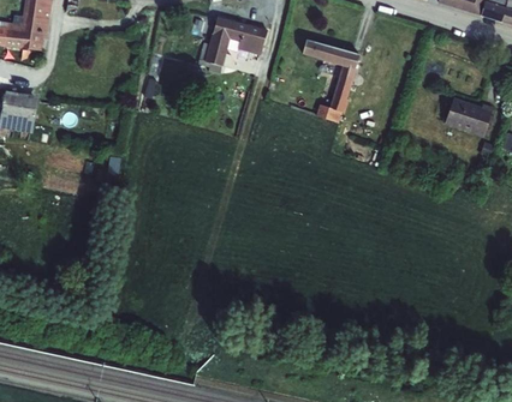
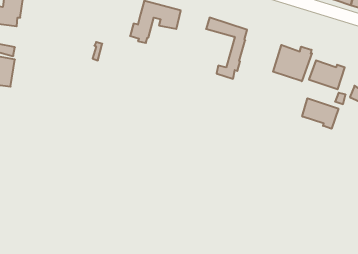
building: none -> [273,45,312,81]
building: none -> [302,98,338,129]

